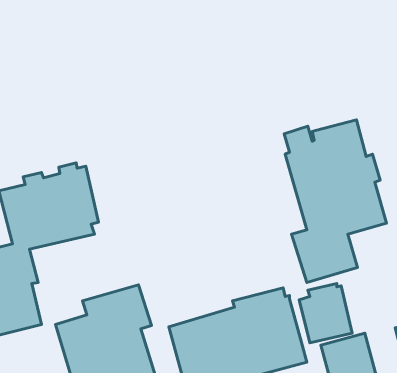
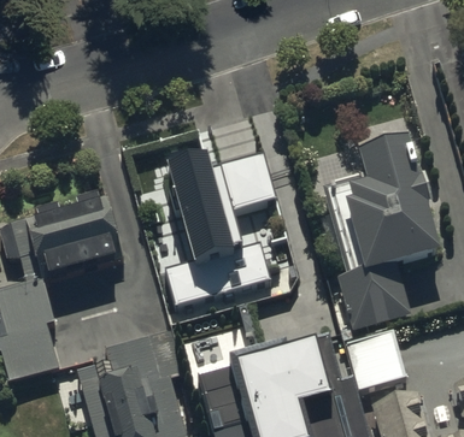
building: none -> [160,142,275,305]

